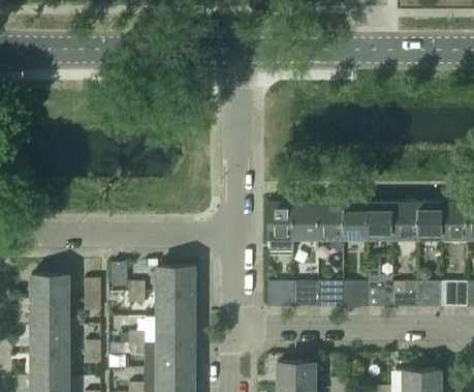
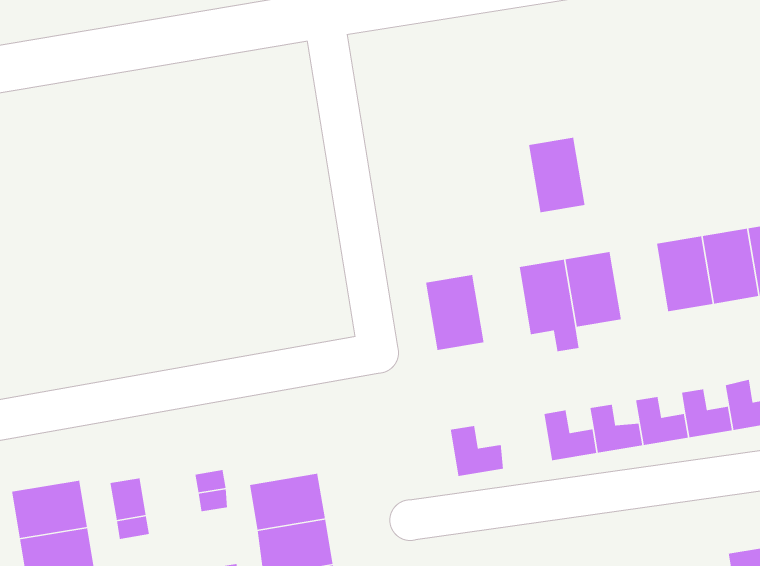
building: [293,203,318,240] -> none
building: [368,203,392,240] -> [528,137,585,213]
building: [157,268,194,294] -> none
building: [292,282,318,308] -> none

